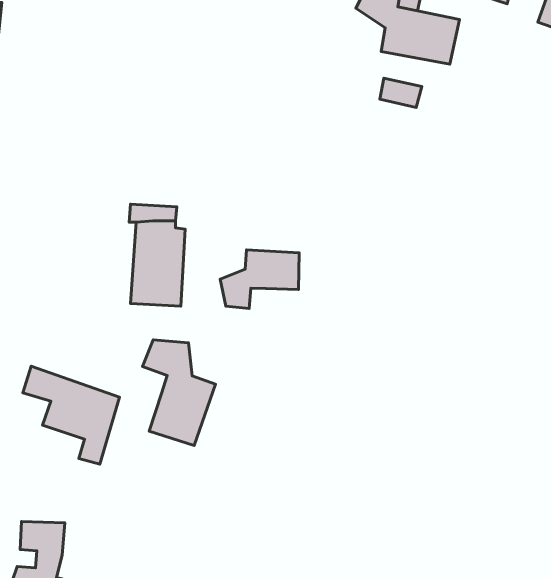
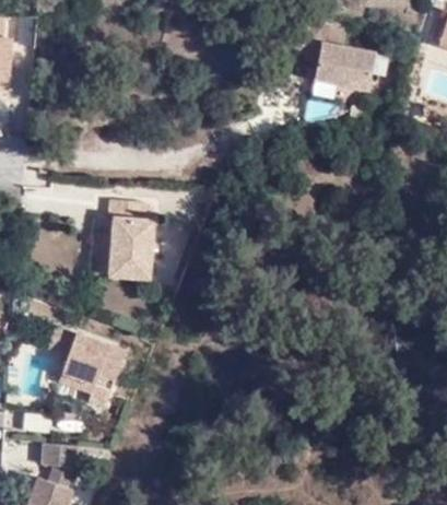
building: [220,250,299,309] -> none
building: [142,340,216,445] -> none

